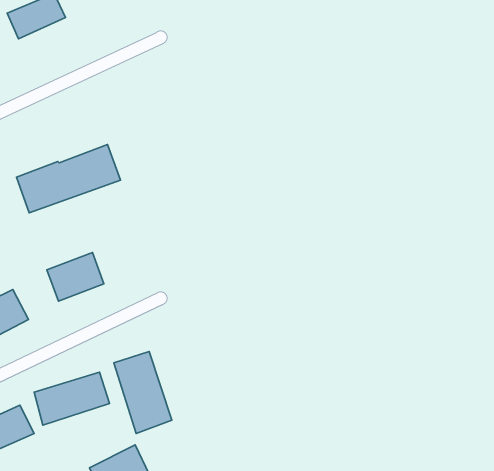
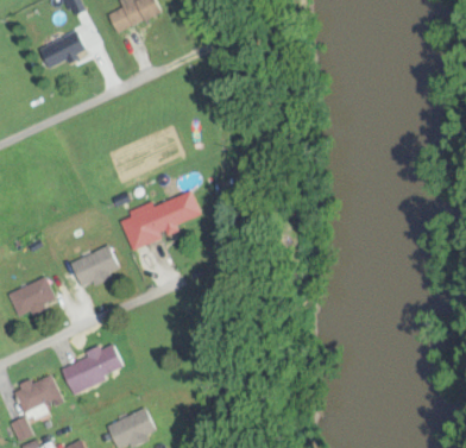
building: [16,144,120,213] -> [116,190,203,247]
building: [114,352,172,434] -> none

